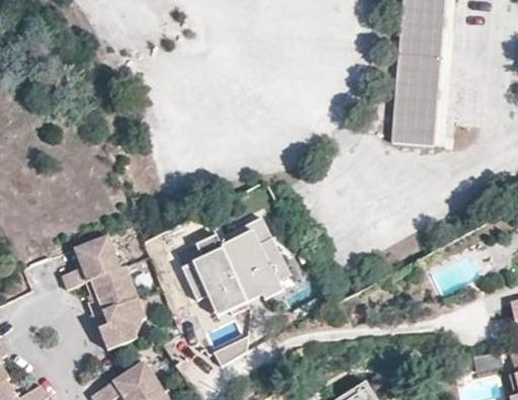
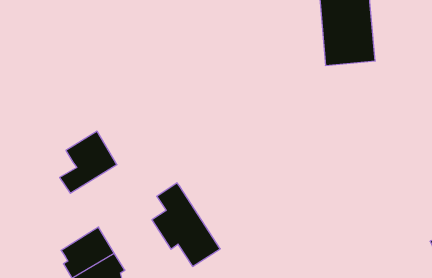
building: [220,219,288,309] -> none
building: [59,232,119,291] -> [60,131,117,193]

